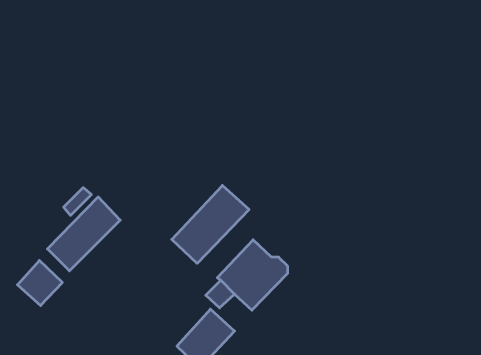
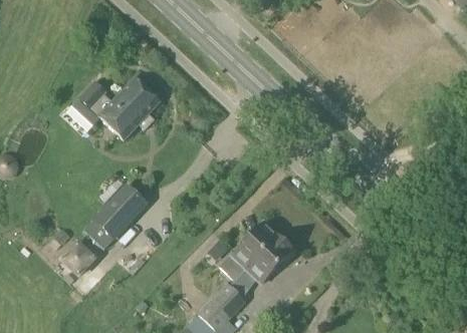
building: none -> [71,79,158,136]
building: [172,185,249,263] -> none

